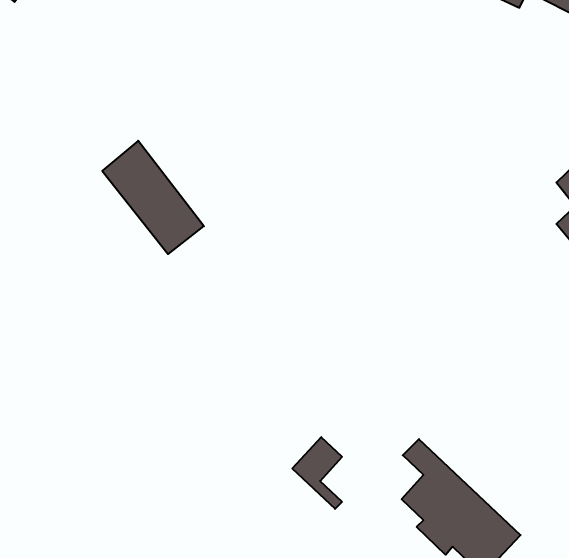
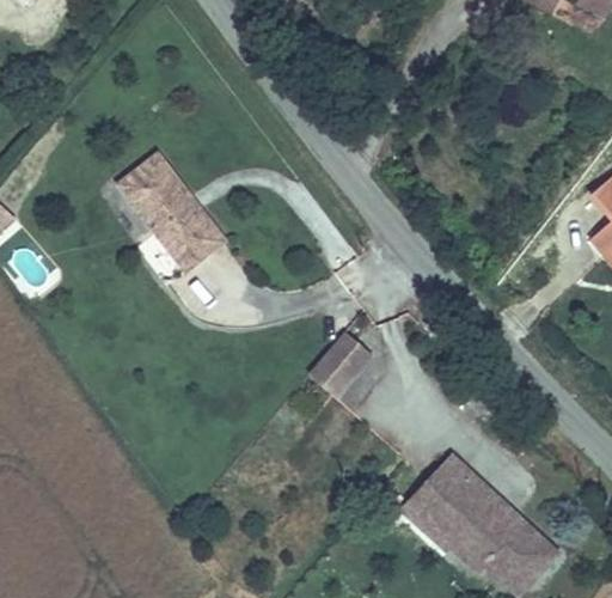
building: none -> [314,329,372,389]
building: [292,437,342,509] -> [402,475,453,549]

